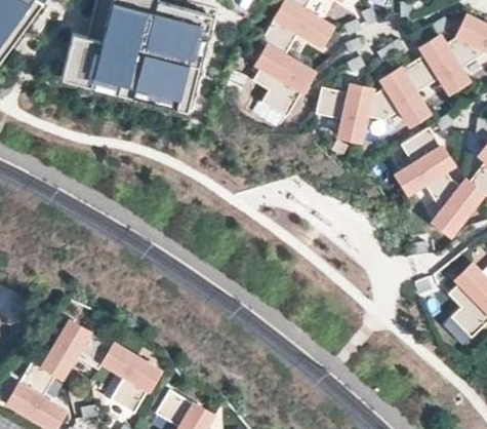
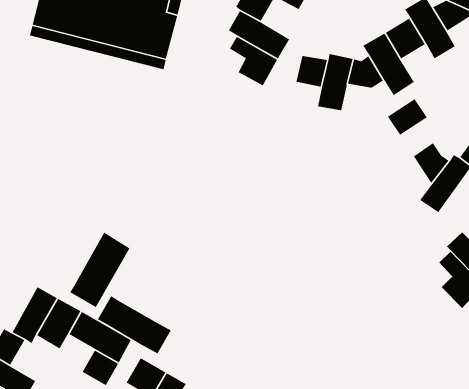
building: [397,153,453,201] -> none
building: none -> [69,232,130,308]
building: none -> [97,295,172,354]

